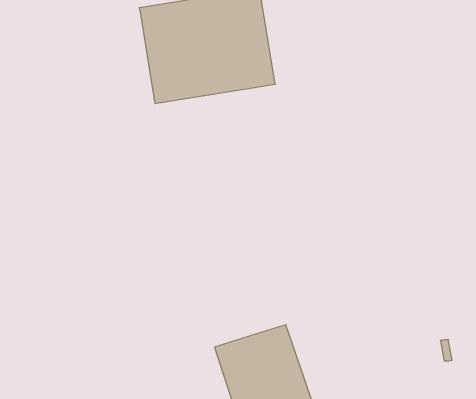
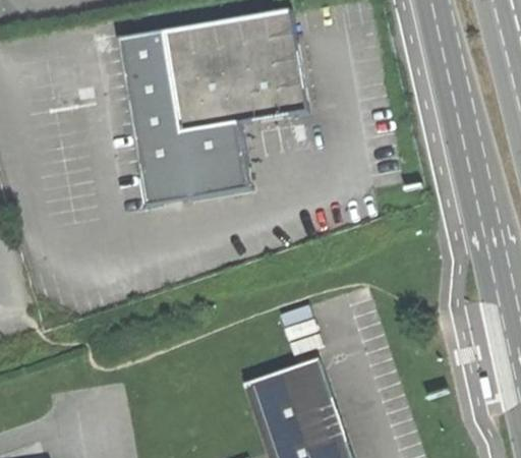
building: none -> [119,32,248,205]

